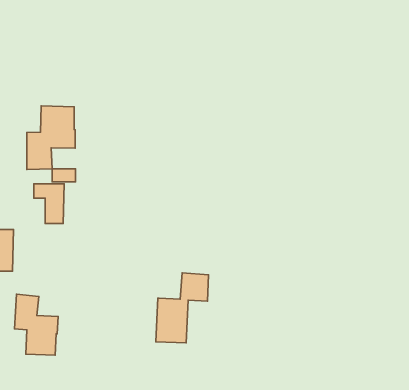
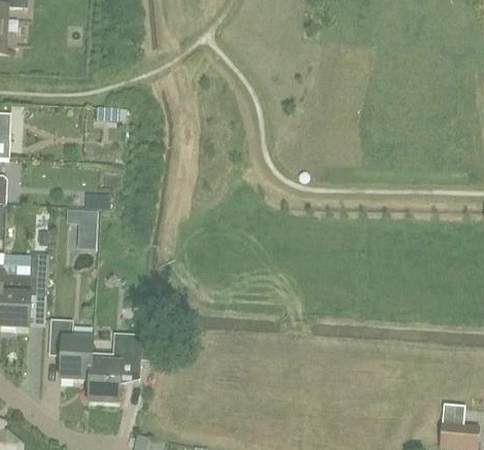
building: [27,106,75,169] -> none
building: [156,273,208,343] -> [88,333,141,404]

